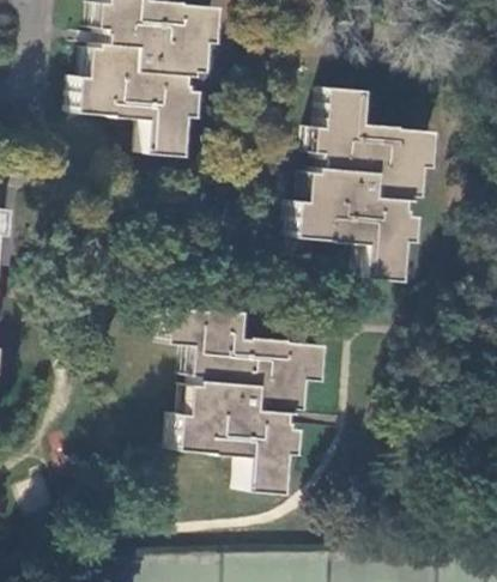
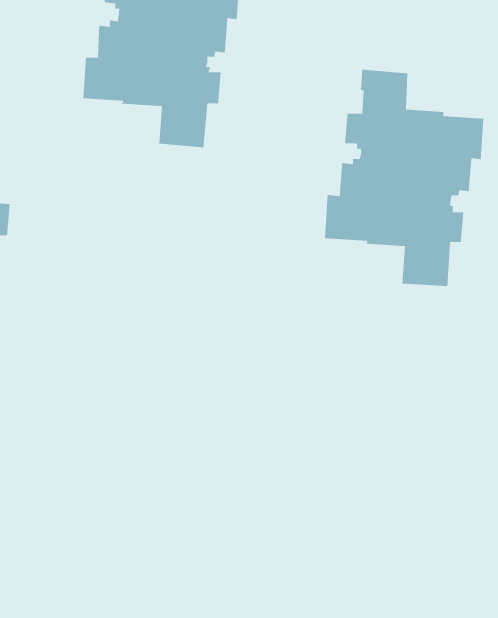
building: [164,307,322,495] -> none

